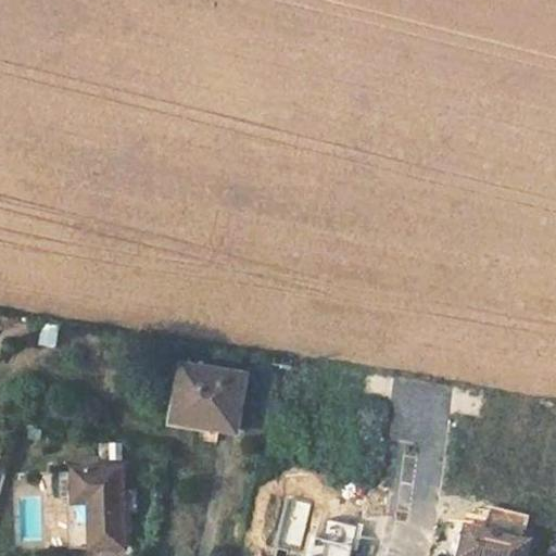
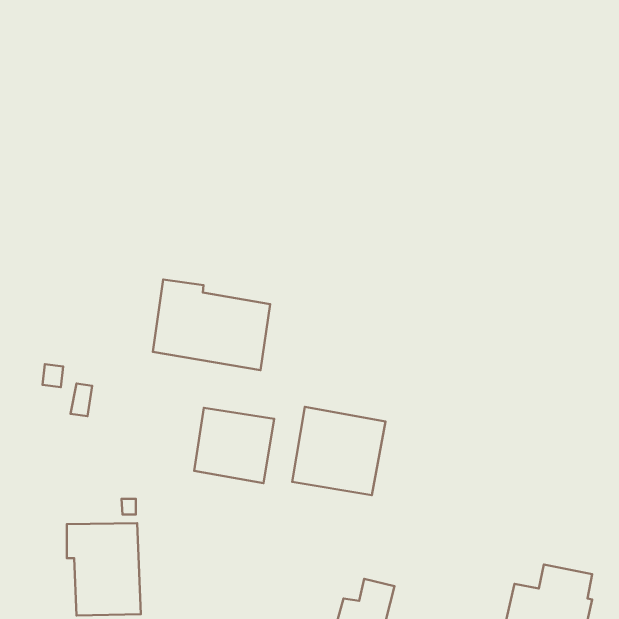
building: none -> [153,280,270,370]
building: none -> [292,407,385,495]

